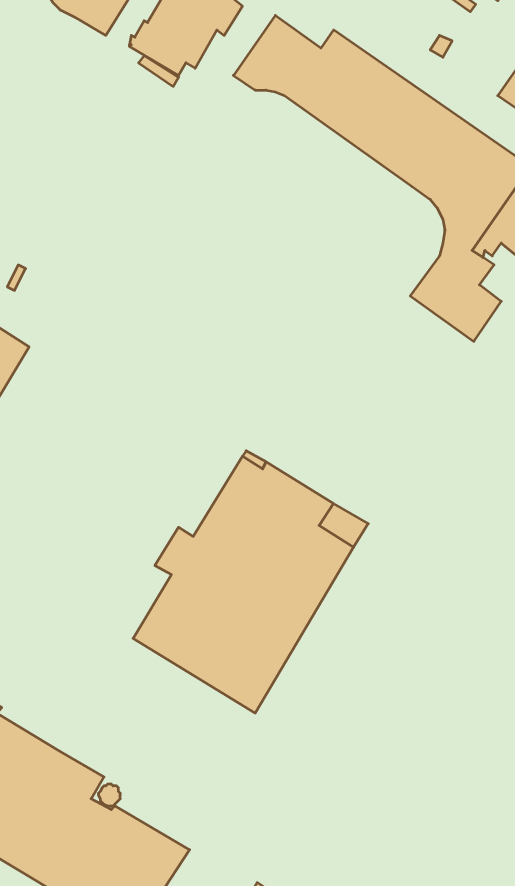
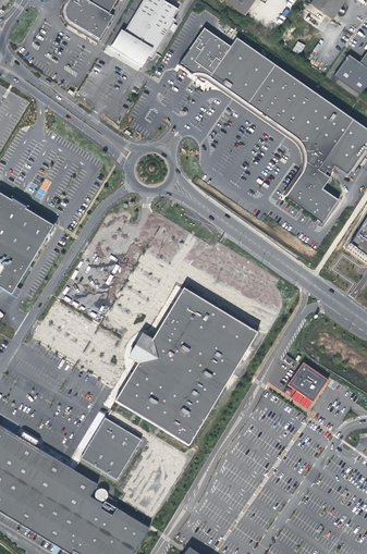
building: none -> [289,362,328,402]
building: none -> [81,417,142,480]

